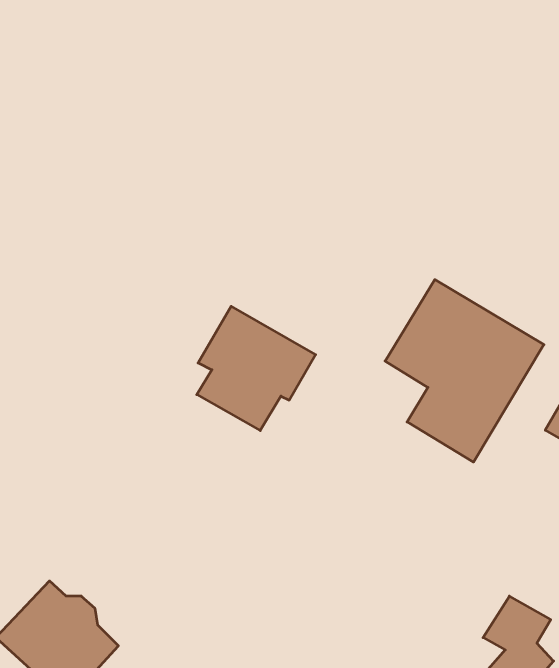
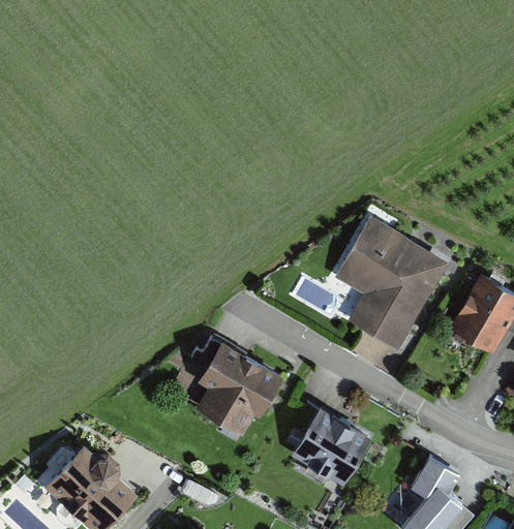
building: [197,306,316,431] -> [194,337,283,430]
building: none -> [282,410,369,488]

